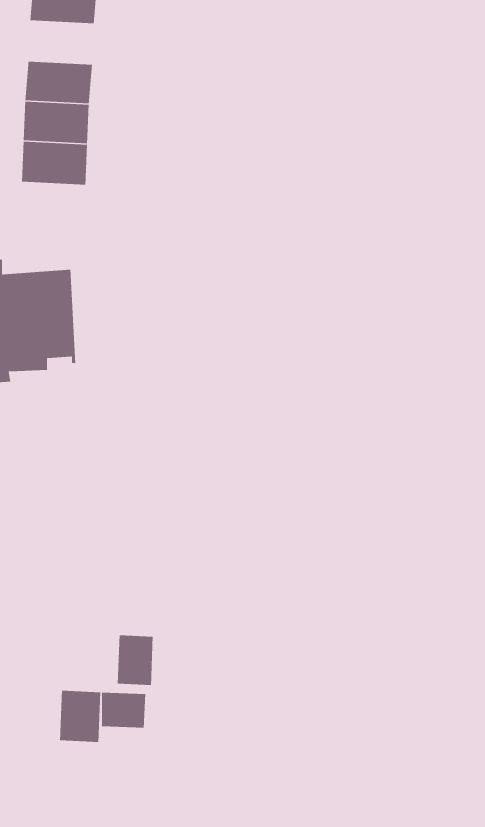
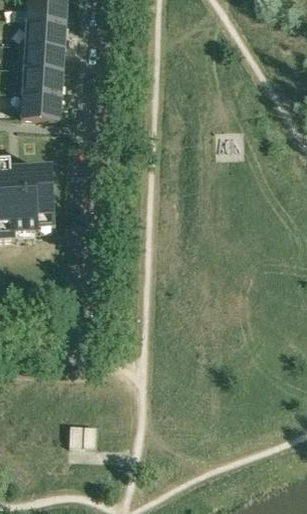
building: none -> [25,21,65,47]
building: [117,635,154,686] -> none
building: [59,690,101,743] -> none

